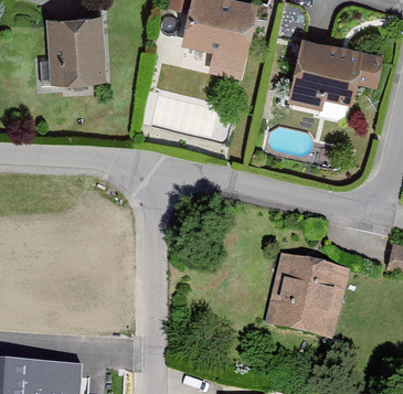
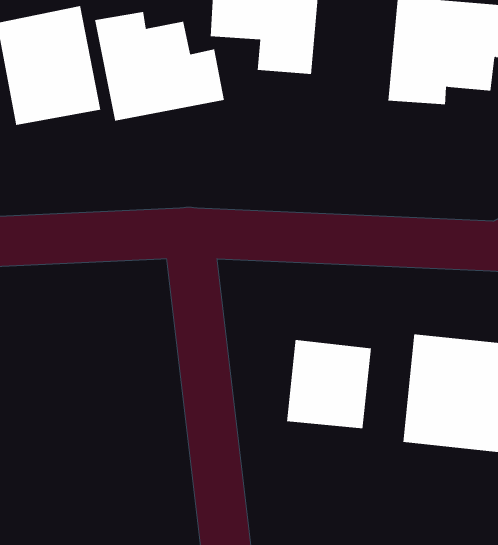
building: none -> [95,11,225,122]
building: none -> [286,339,372,429]

